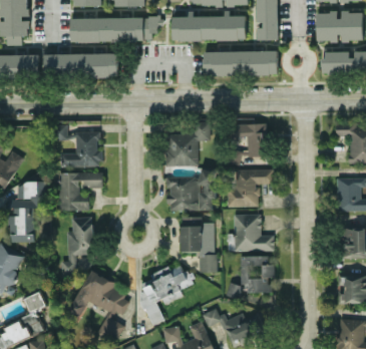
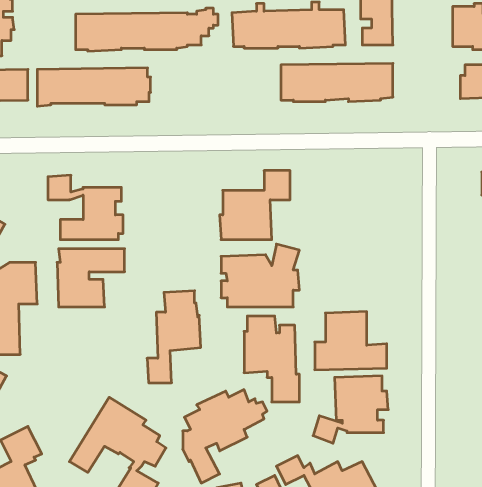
building: [227,122,268,165] -> none
building: [227,169,274,208] -> none
building: [60,217,95,277] -> [147,291,201,383]

